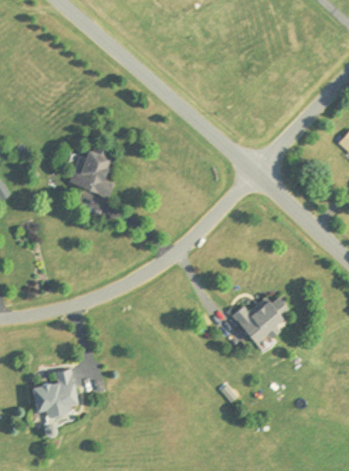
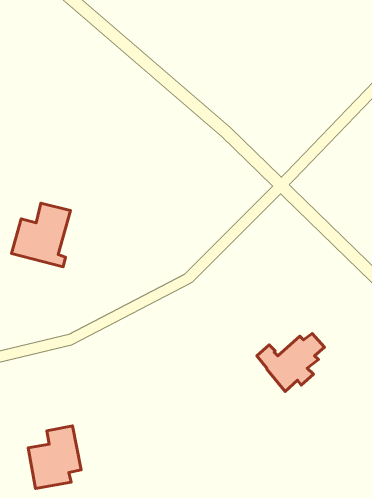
building: [71,144,119,196] -> [11,203,70,267]

